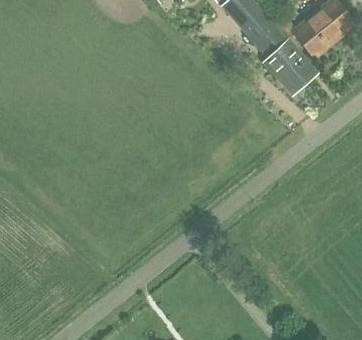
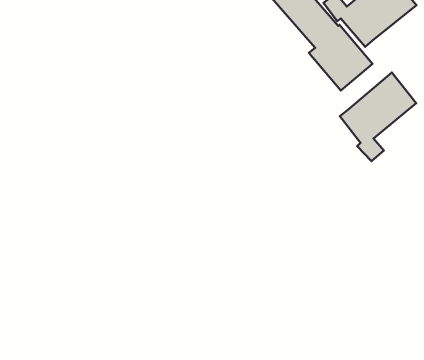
building: none -> [340,72,416,161]

